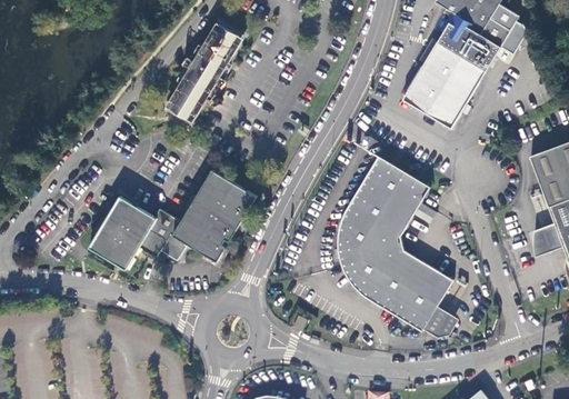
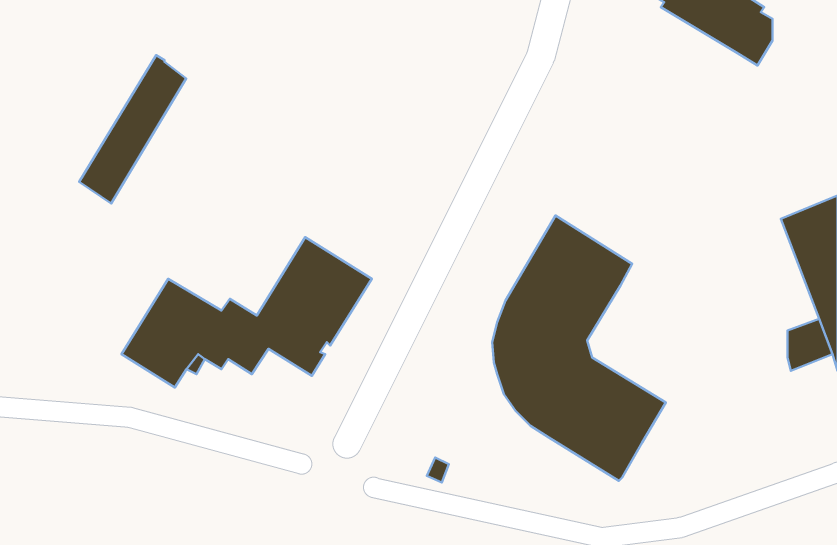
building: [401,16,499,128] -> none
building: [169,22,240,121] -> [79,55,186,204]
building: [423,306,458,337] -> none

